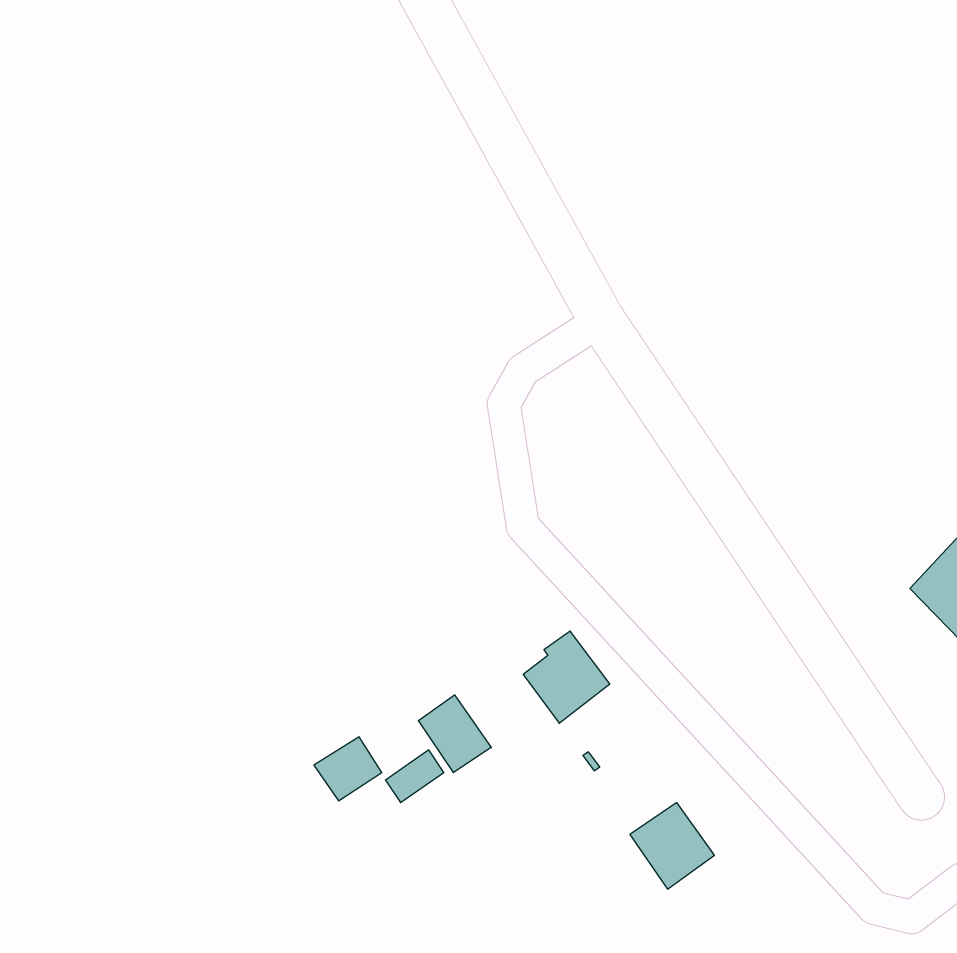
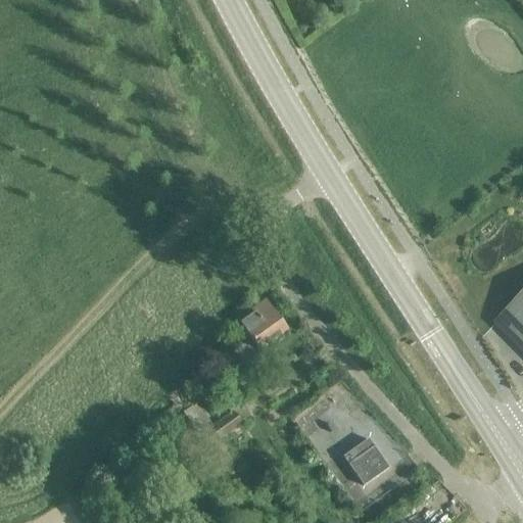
building: [523,631,610,723] -> [239,297,286,347]
building: [418,695,491,773] -> none

